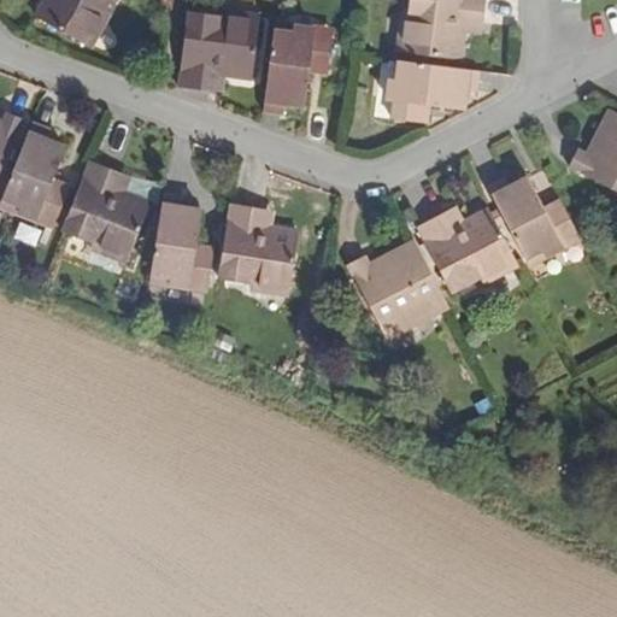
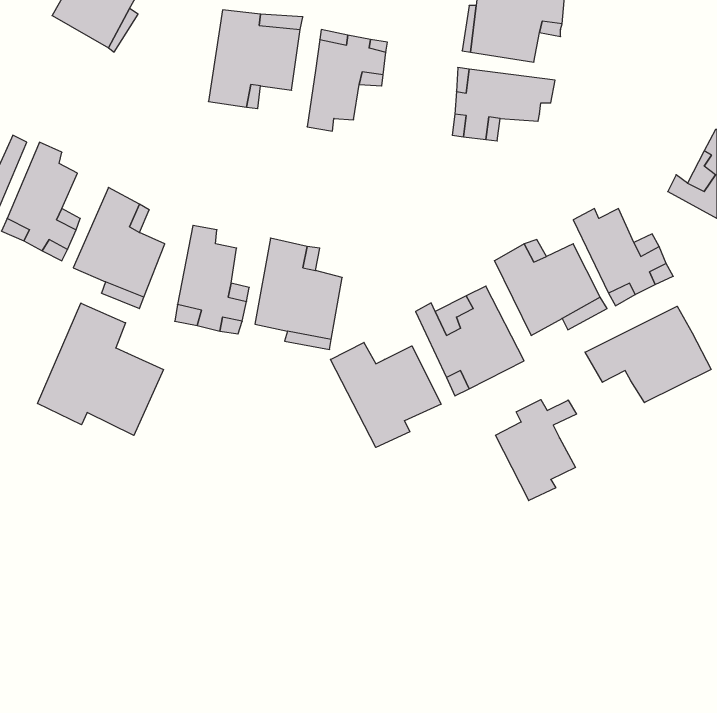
building: none -> [38,303,164,435]
building: none -> [585,306,711,403]
building: none -> [330,342,441,447]
building: none -> [496,400,577,501]

